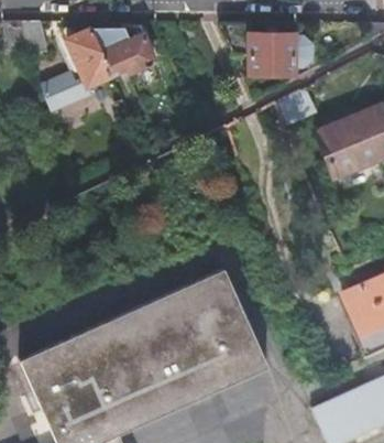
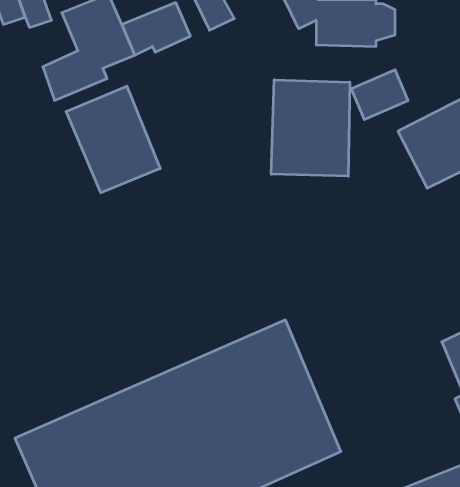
building: none -> [271,80,350,176]
building: none -> [66,86,160,193]

